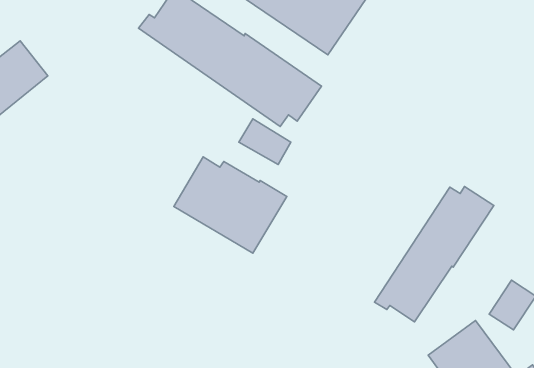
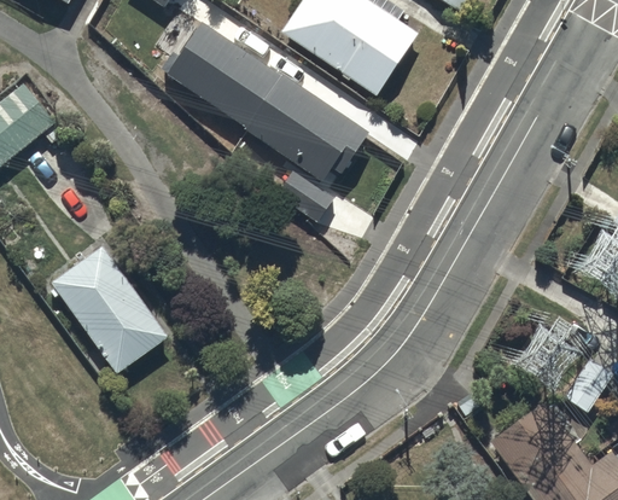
building: [174,157,287,253] -> none
building: none -> [51,245,168,373]
building: [374,186,494,322] -> none

